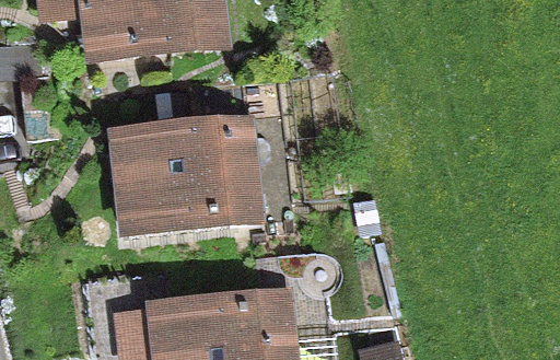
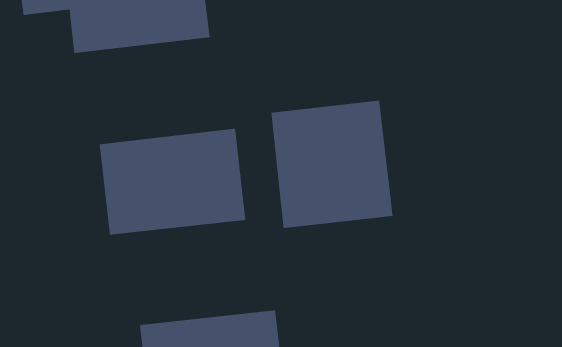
building: none -> [271,100,393,229]

